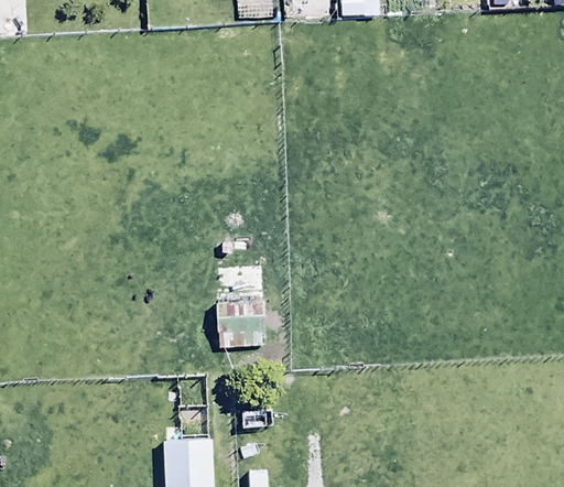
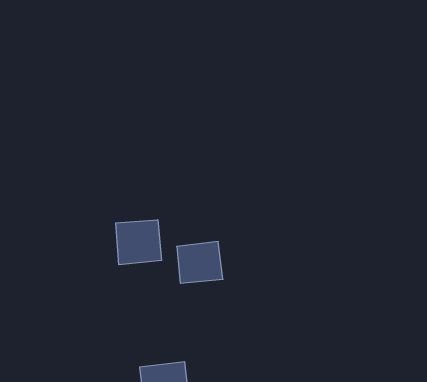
building: none -> [116,220,162,265]

